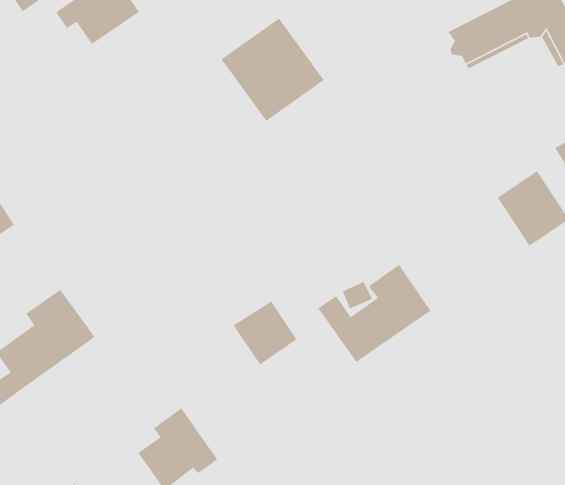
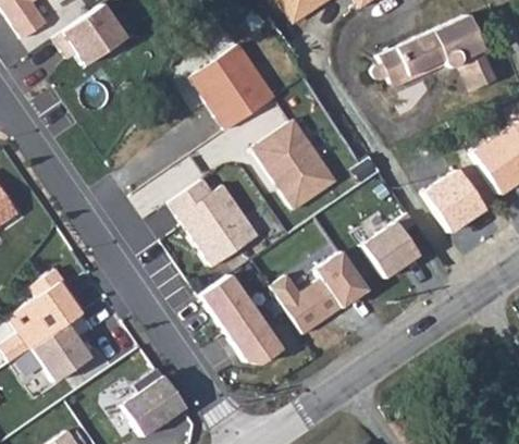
building: none -> [254,119,339,210]
building: none -> [169,178,258,266]
building: none -> [361,208,417,273]
building: none -> [223,311,285,370]
building: none -> [25,312,94,388]

